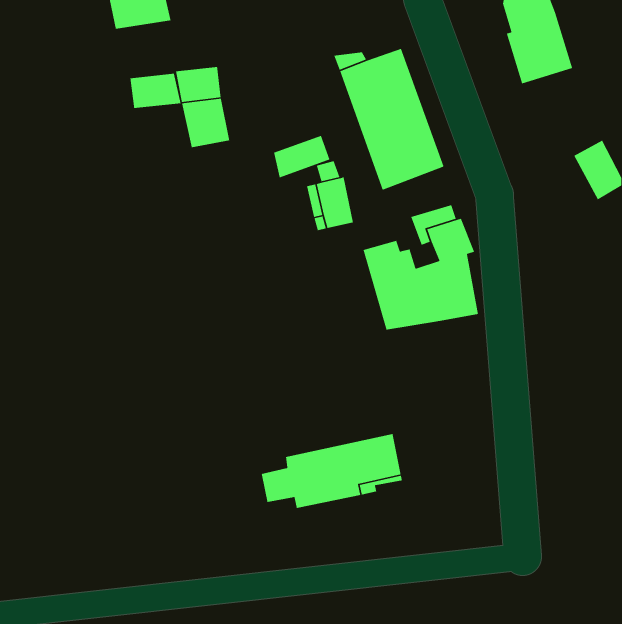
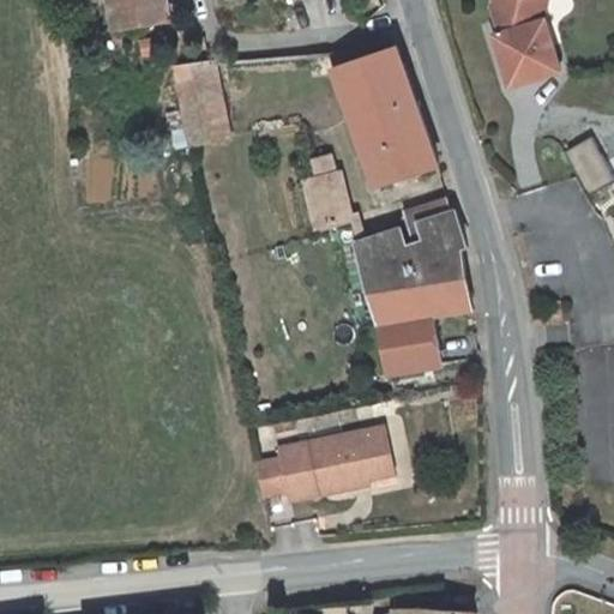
building: [130,73,181,109] -> none
building: [273,135,331,178] -> none
building: none -> [378,315,439,373]

